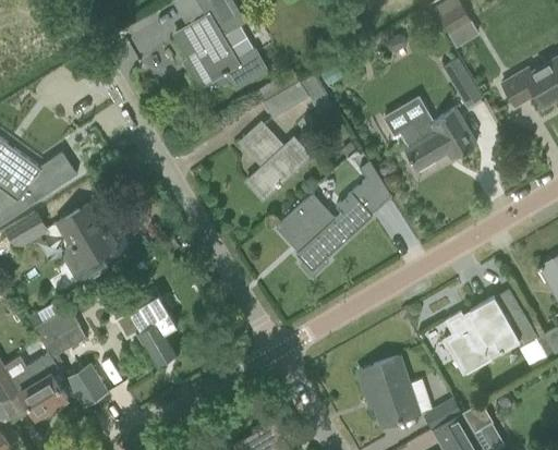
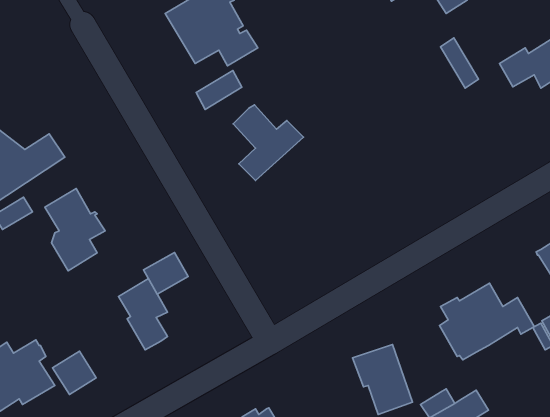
building: [264,81,308,119] -> [196,70,242,109]
building: [383,106,476,170] -> none
building: [276,158,392,277] -> none
building: none -> [144,252,188,294]
building: [35,308,87,358] -> none

